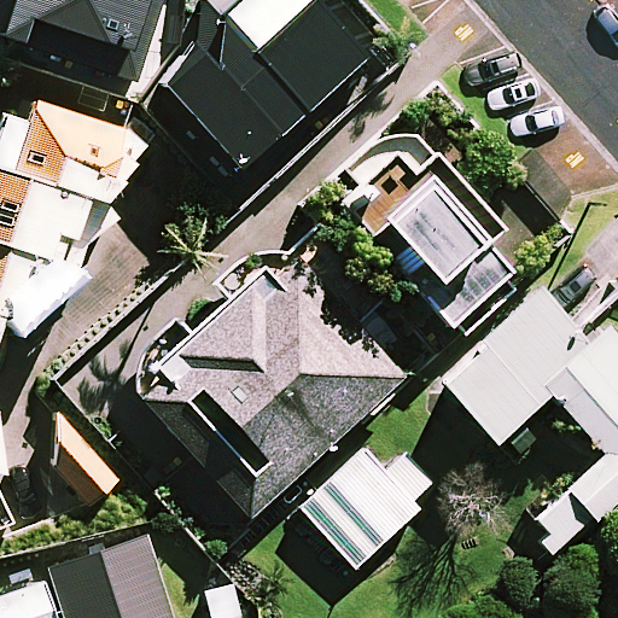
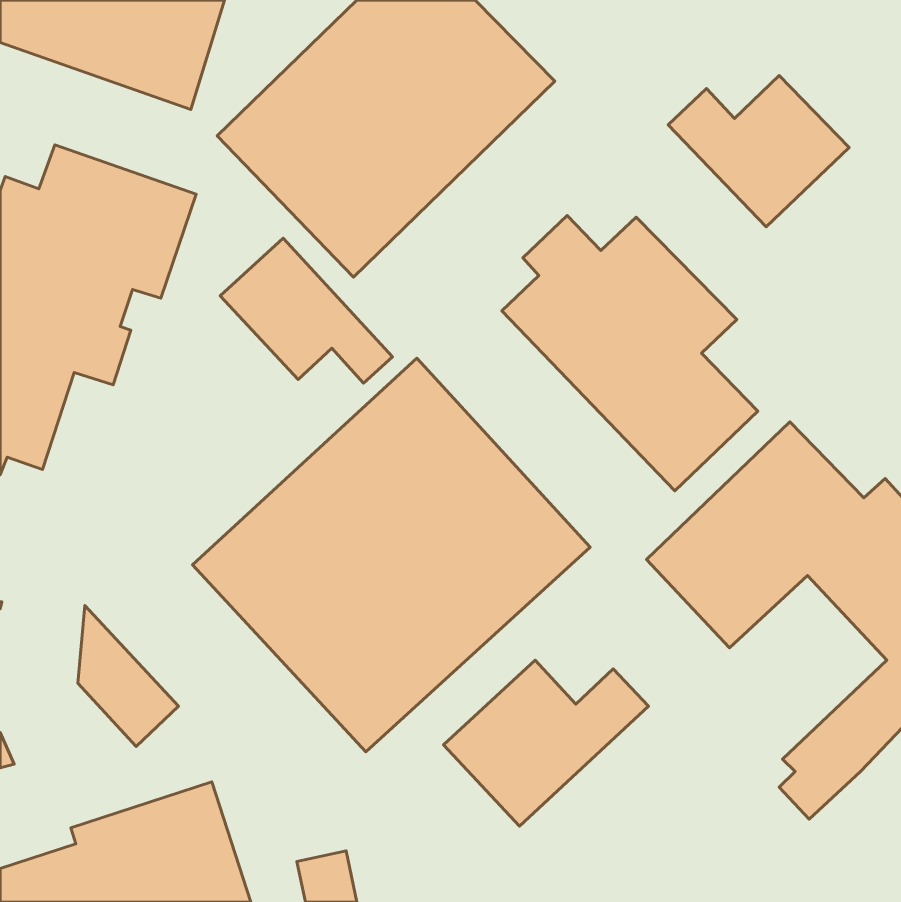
building: none -> [668,75,849,227]
building: none -> [220,238,393,383]

